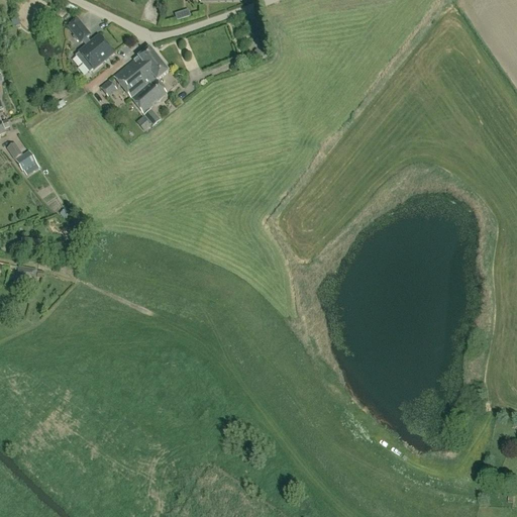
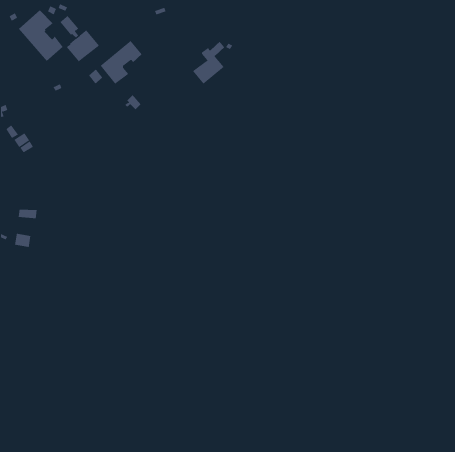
building: none -> [18,10,64,62]
building: [130,62,168,111] -> [192,41,225,85]

